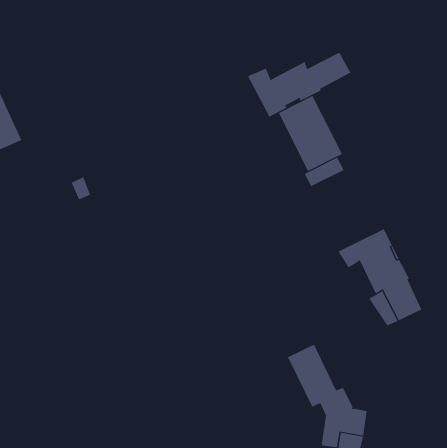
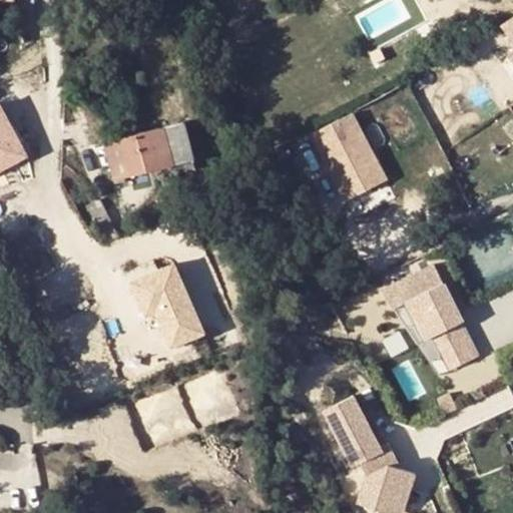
building: [247,52,351,117] -> none
building: none -> [100,123,188,183]
building: none -> [124,262,202,352]

